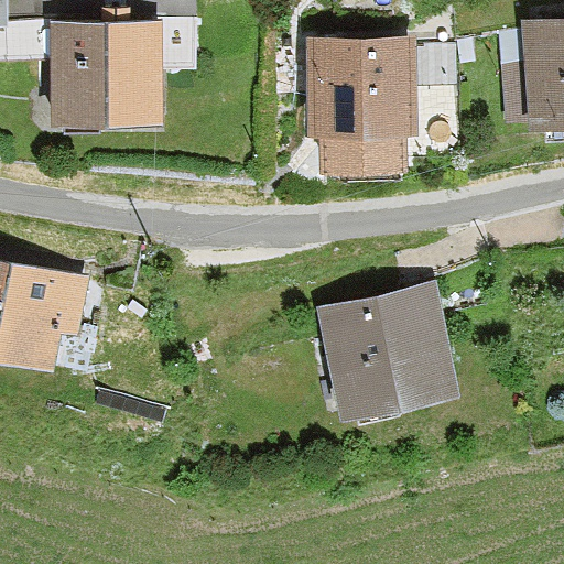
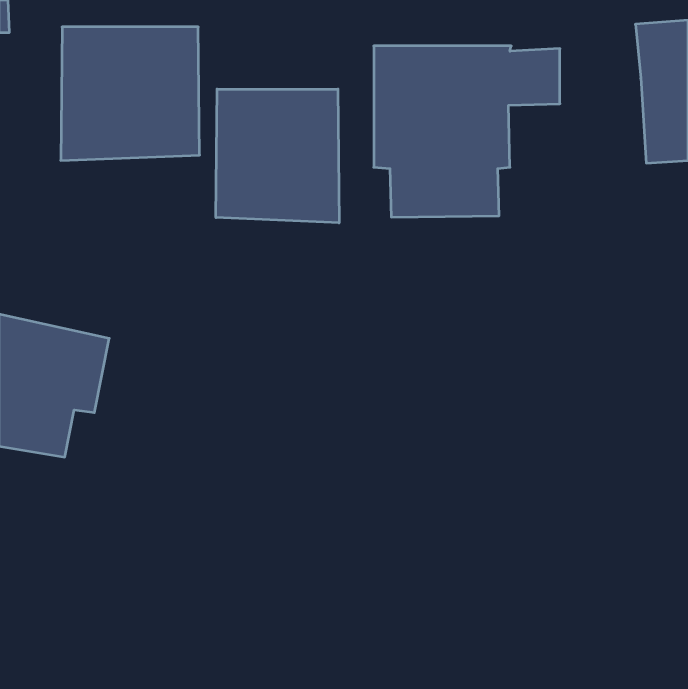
building: none -> [216,89,339,223]
building: [316,281,459,423] -> none

